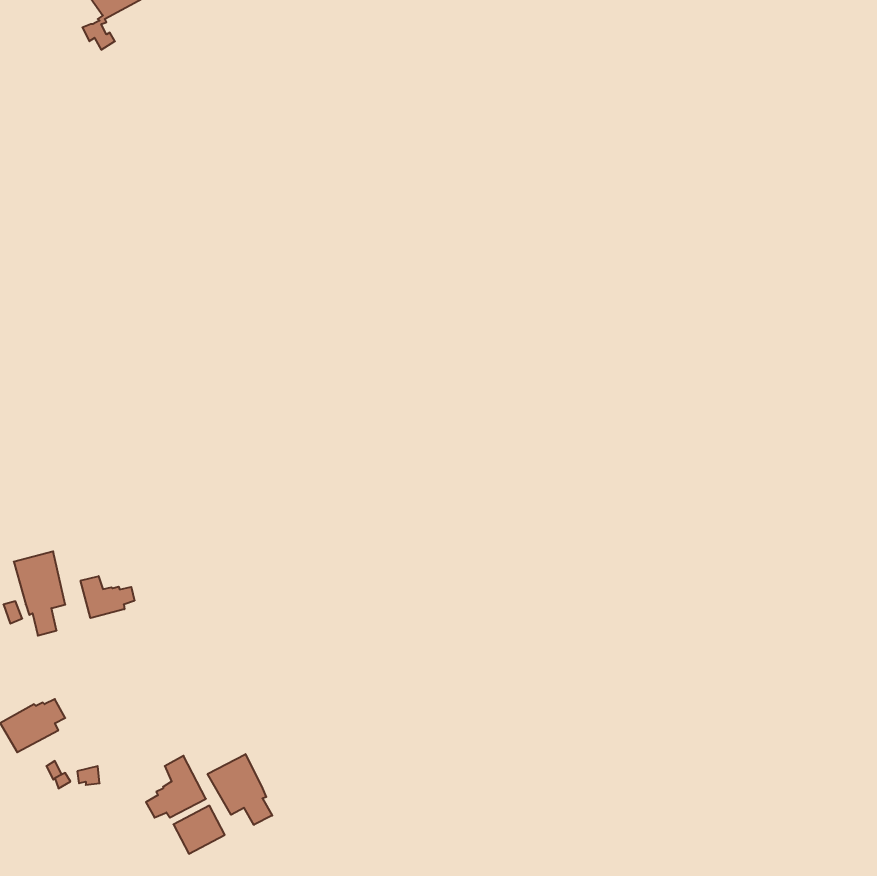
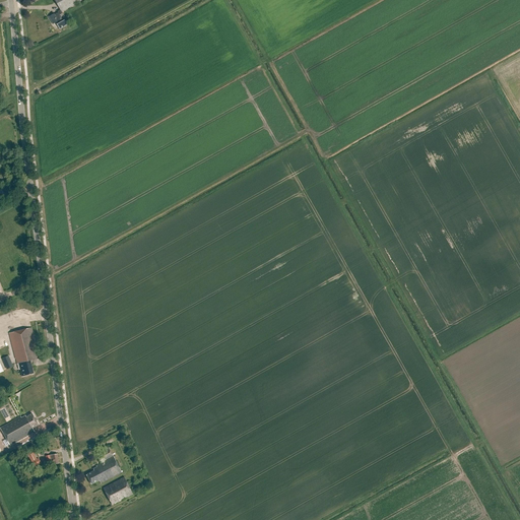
building: [81,576,134,618] -> none
building: [208,754,272,825] -> none

